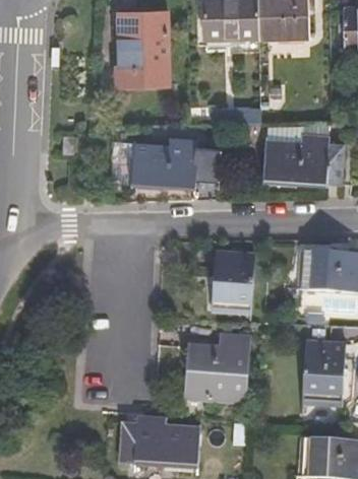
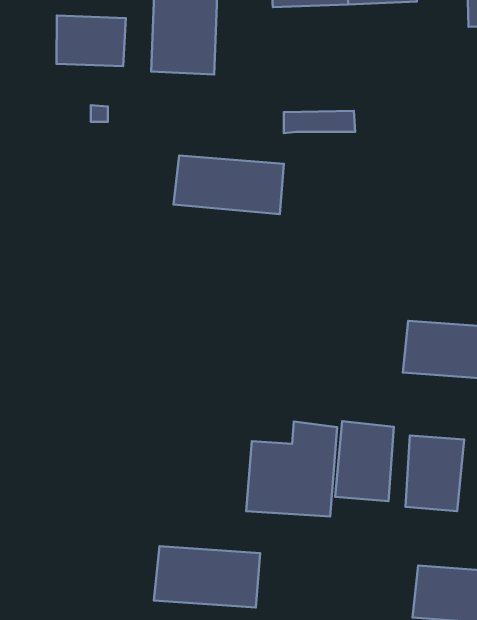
building: none -> [56,15,126,66]
building: [264,134,345,181] -> none
building: [208,257,251,315] -> [335,421,394,501]

